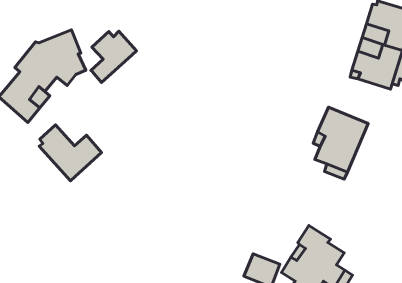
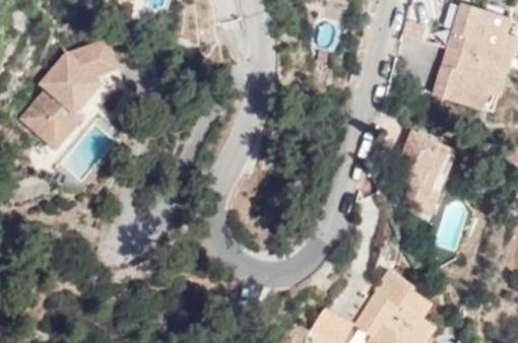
building: [91,31,137,82] -> none
building: [39,125,101,181] -> none

